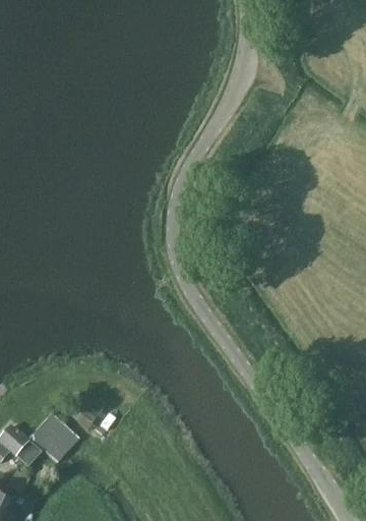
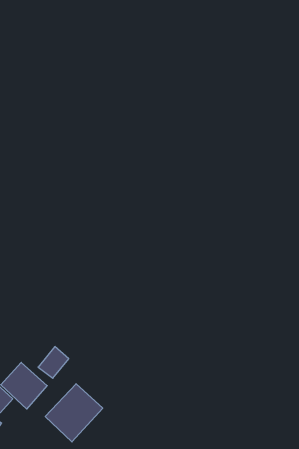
building: none -> [45,384,103,442]

